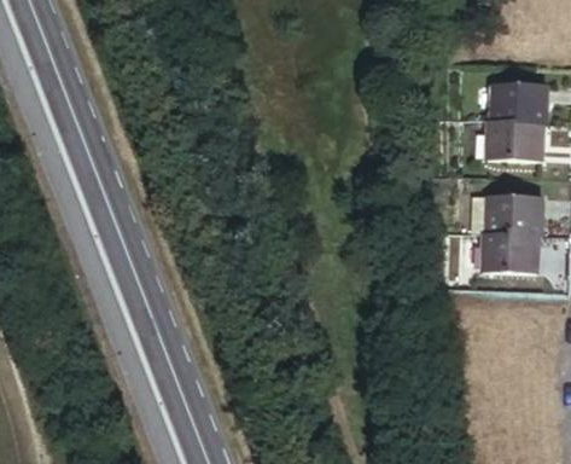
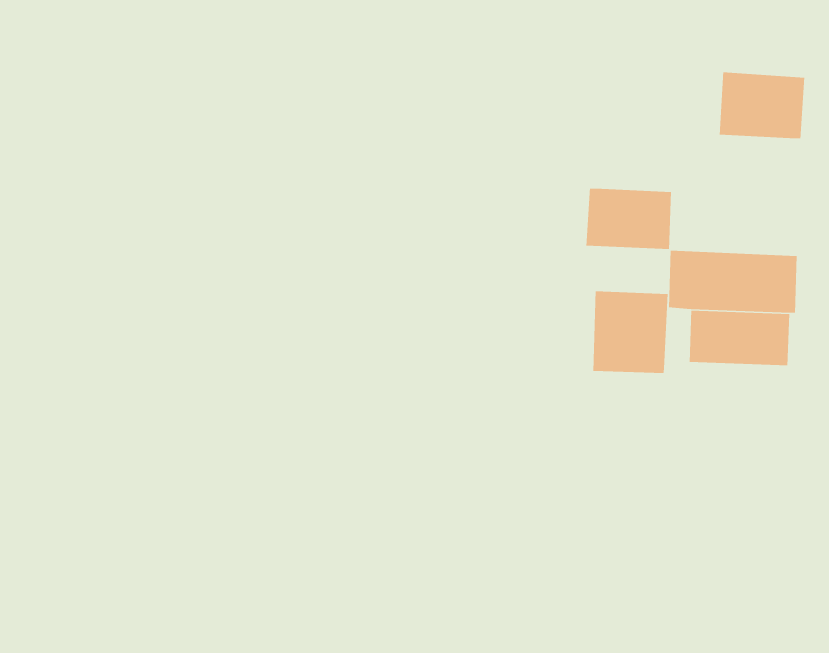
building: [486,121,542,161] -> [585,188,672,250]
building: none -> [593,291,669,374]

